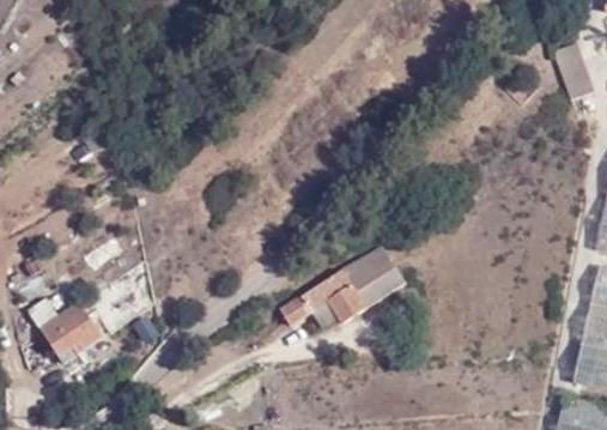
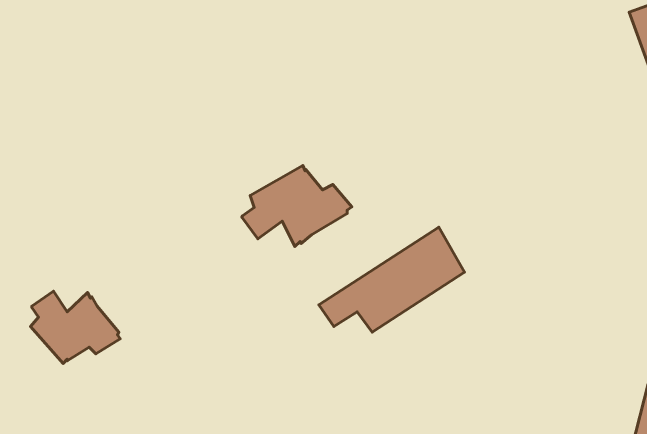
building: none -> [242,166,352,247]

